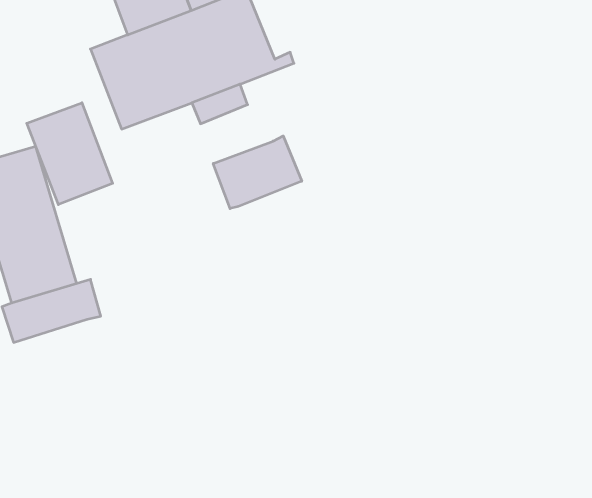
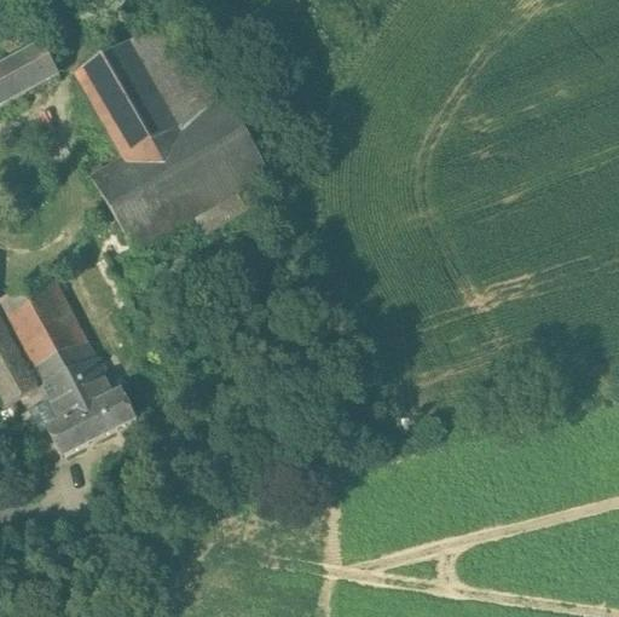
building: [27,103,113,205] -> none
building: [213,136,302,209] -> none

